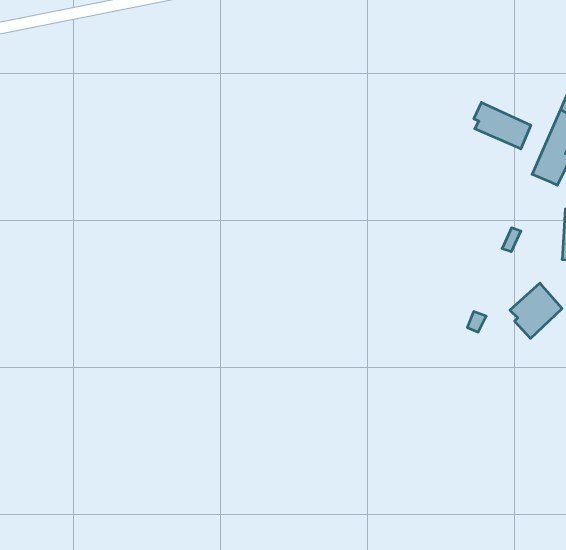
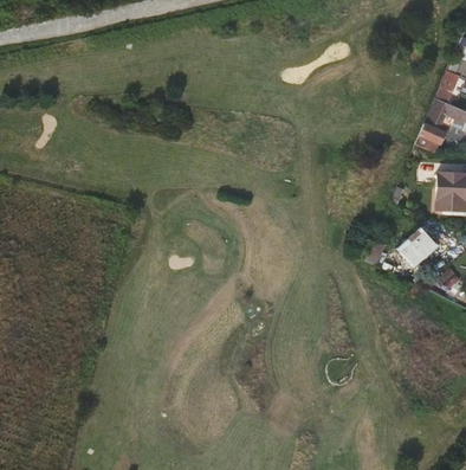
building: [474,102,531,149] -> none

